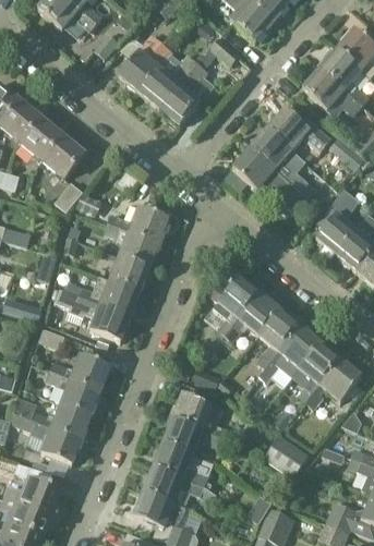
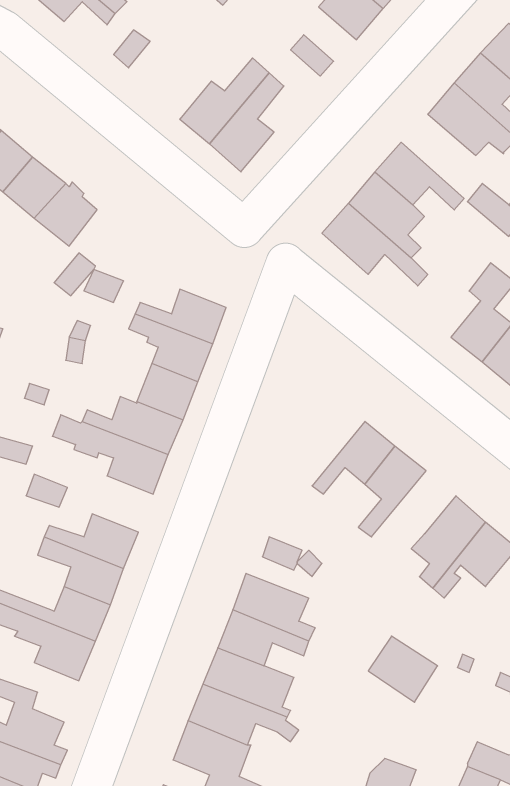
building: [118,40,166,93] -> none
building: [210,275,261,335] -> none
building: [258,325,321,384] -> none

